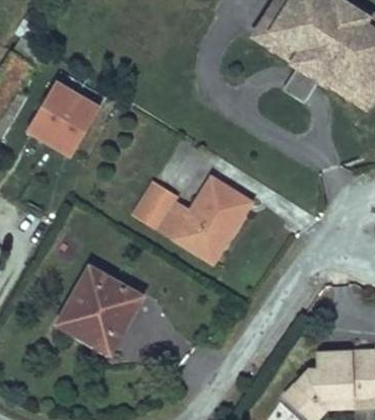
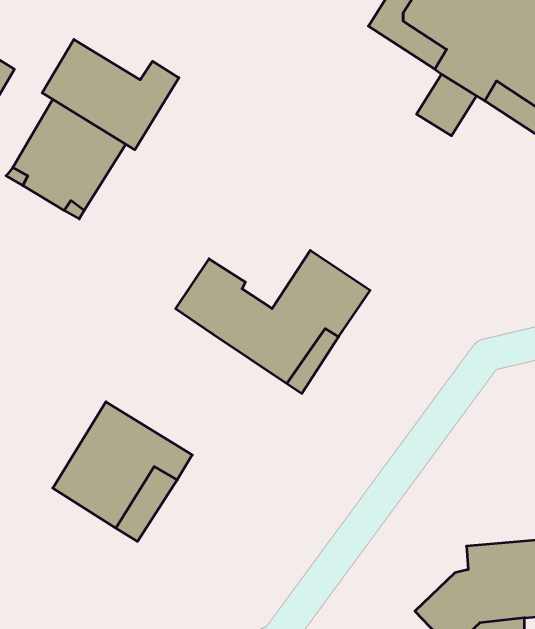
building: none -> [42,39,179,150]

